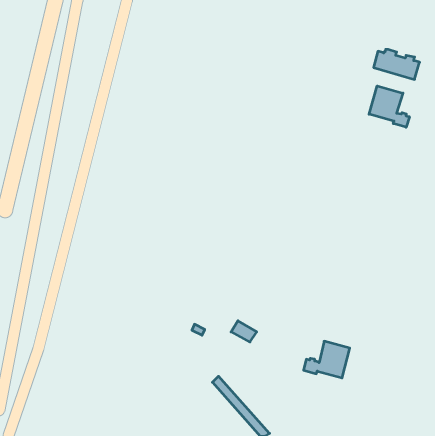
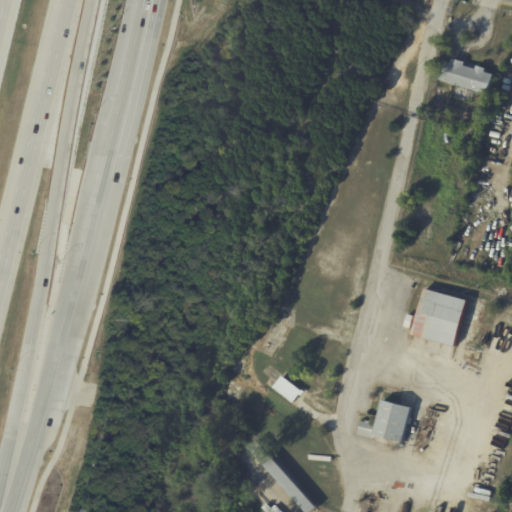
building: [369,86,409,127] -> none
building: none -> [404,288,468,346]

